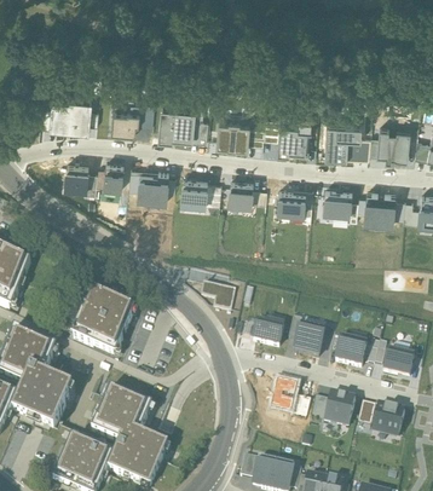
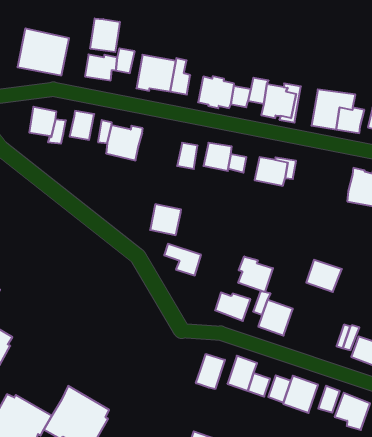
building: none -> [90,18,120,52]
building: [180,180,207,207] -> [150,204,181,235]
building: [323,190,352,215] -> none
building: none -> [238,256,273,292]
building: [73,284,134,347] -> none
building: [335,335,366,363] -> [306,260,342,292]
building: none -> [196,354,225,389]
building: [91,379,149,433] -> none

